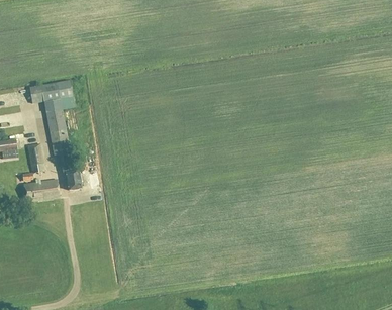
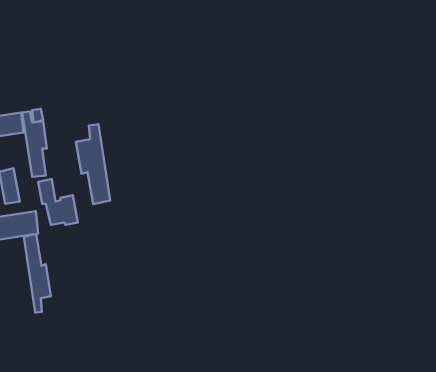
building: none -> [76,124,110,204]
building: none -> [24,234,51,313]

